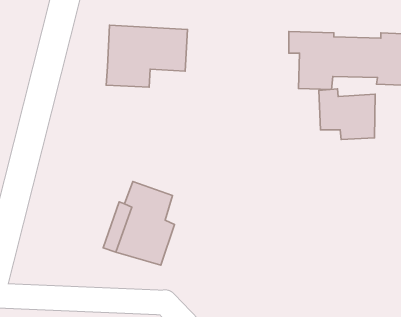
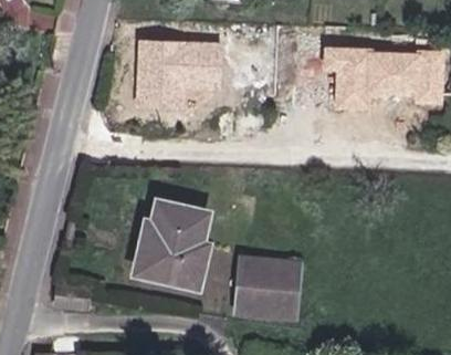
building: [319,89,375,139] -> none
building: none -> [233,257,301,319]

